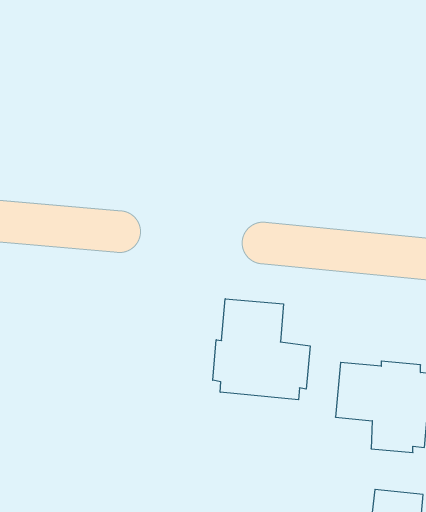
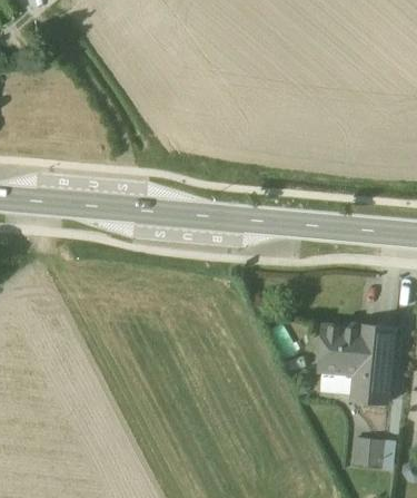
building: [213,299,310,400] -> none

